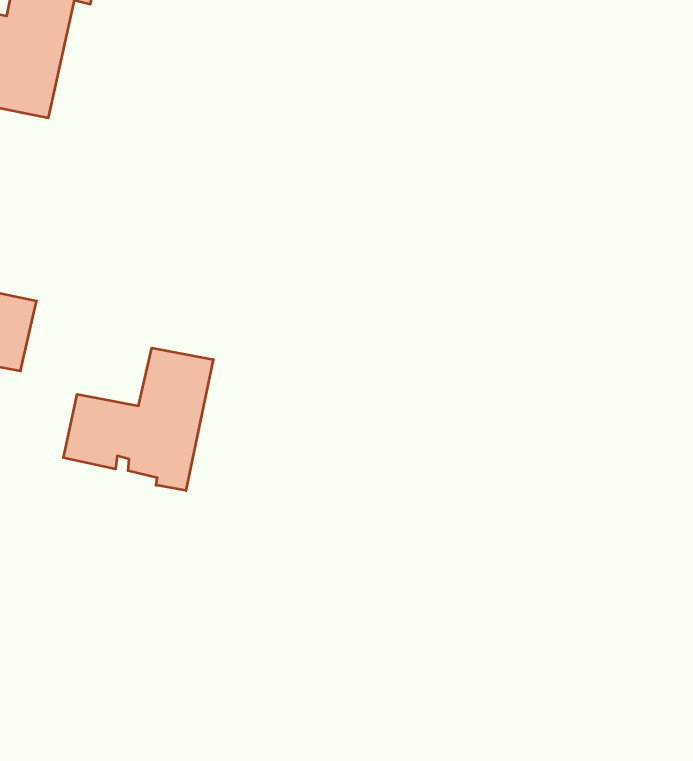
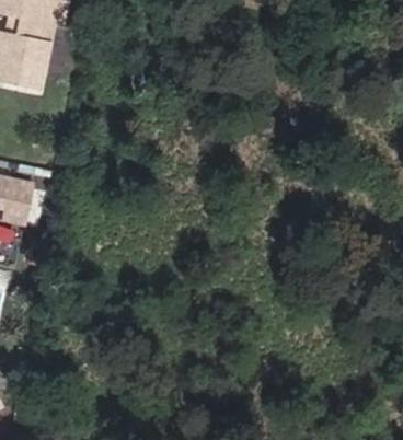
building: [63,348,213,491] -> none

